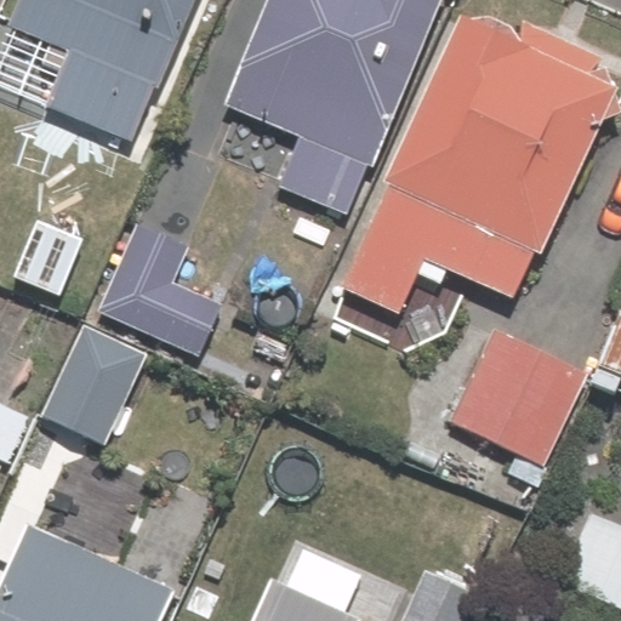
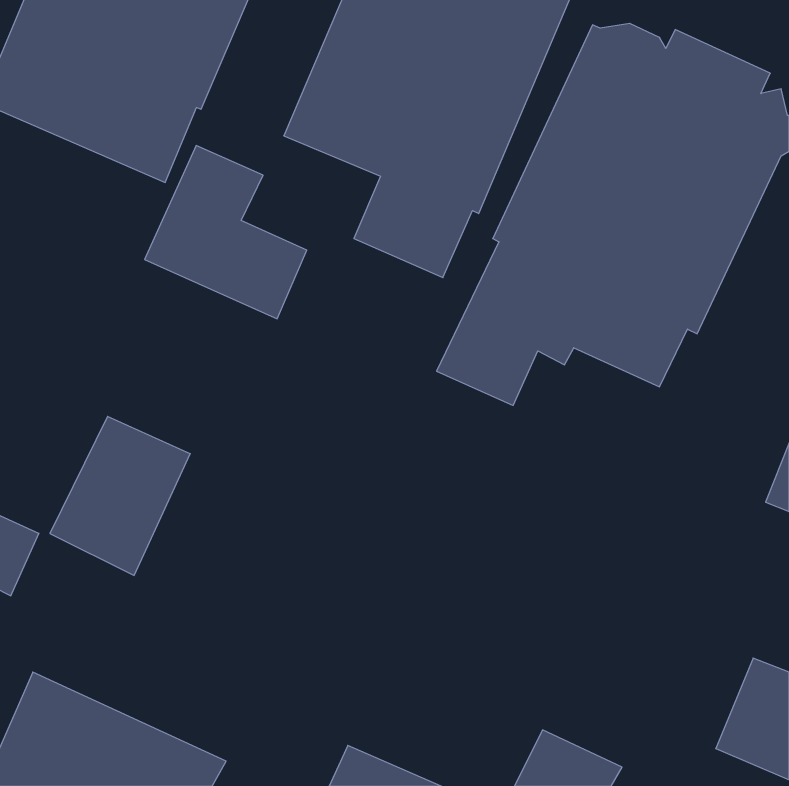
building: [95,222,221,357] -> [145,146,307,319]
building: [448,326,588,484] -> none

